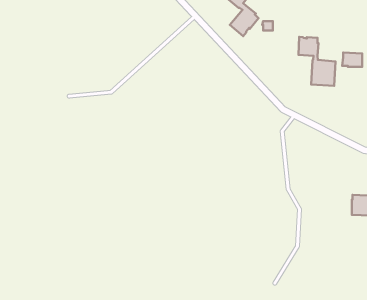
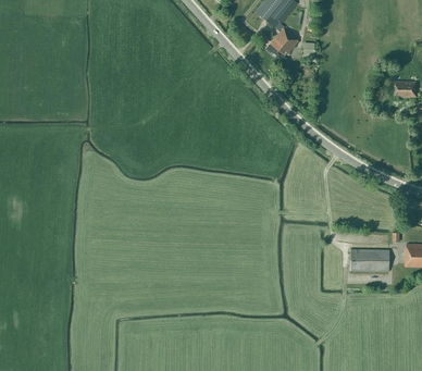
building: [298,37,335,86] -> none
building: none -> [349,249,387,272]

